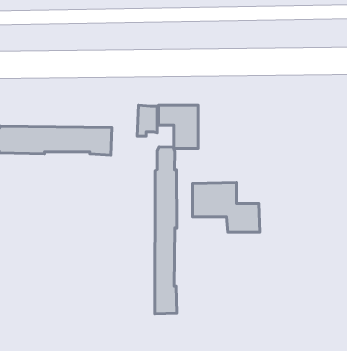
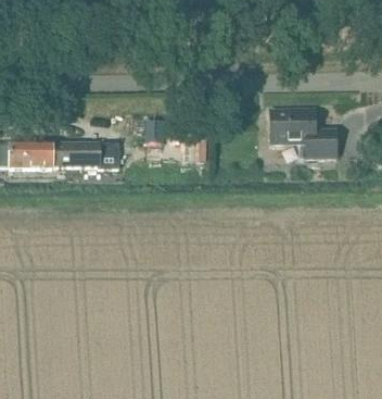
building: [155,147,177,314] -> none
building: [192,182,260,232] -> [270,110,336,159]

